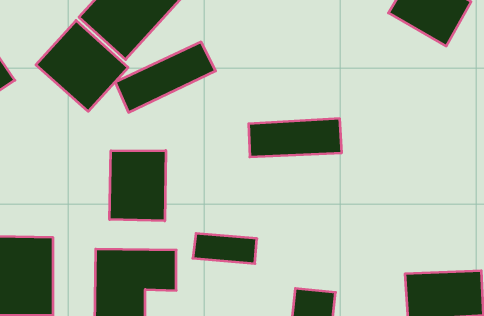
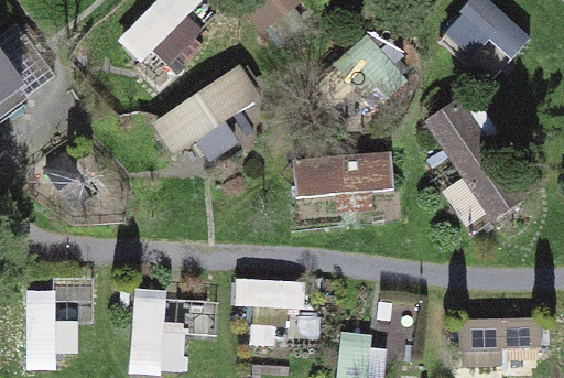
building: [36,20,128,111] -> none
building: none -> [429,94,529,224]
building: [110,150,166,221] -> none

